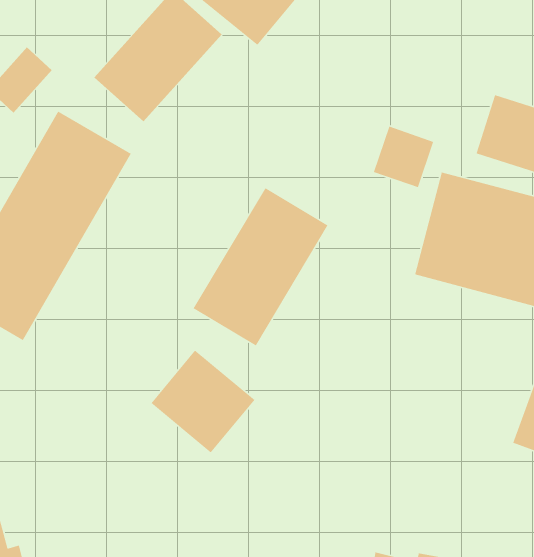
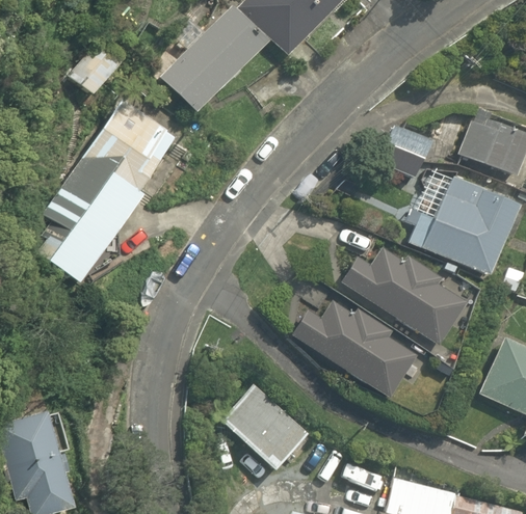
building: [193,187,329,347] -> none
building: none -> [340,243,465,347]
building: none -> [291,296,419,401]
building: [150,349,255,454] -> [220,383,307,469]

